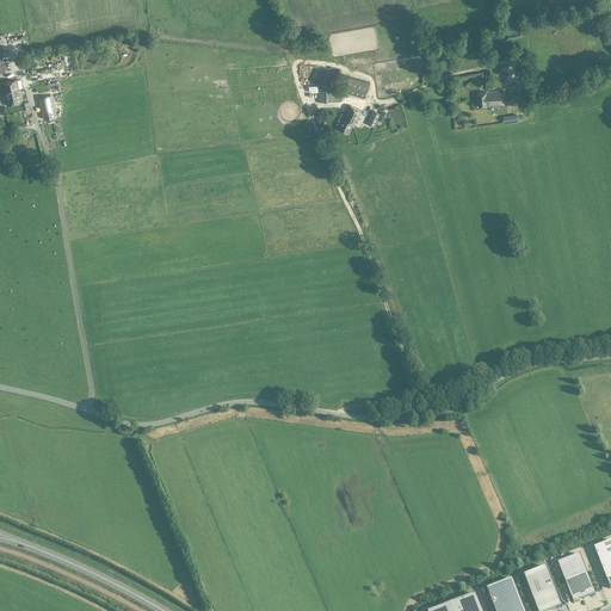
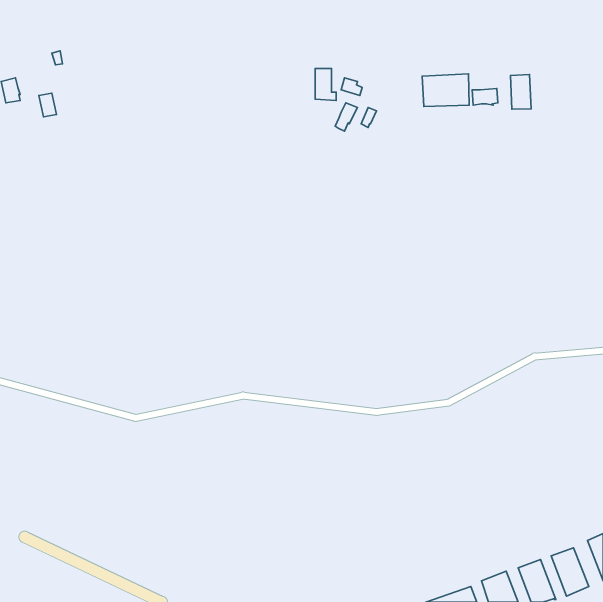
building: none -> [422,74,469,107]
building: none -> [511,74,531,109]

